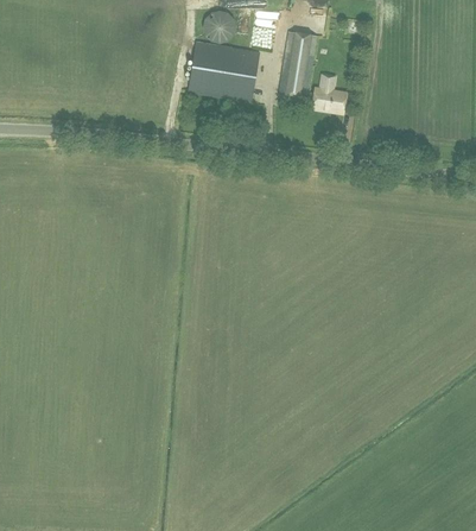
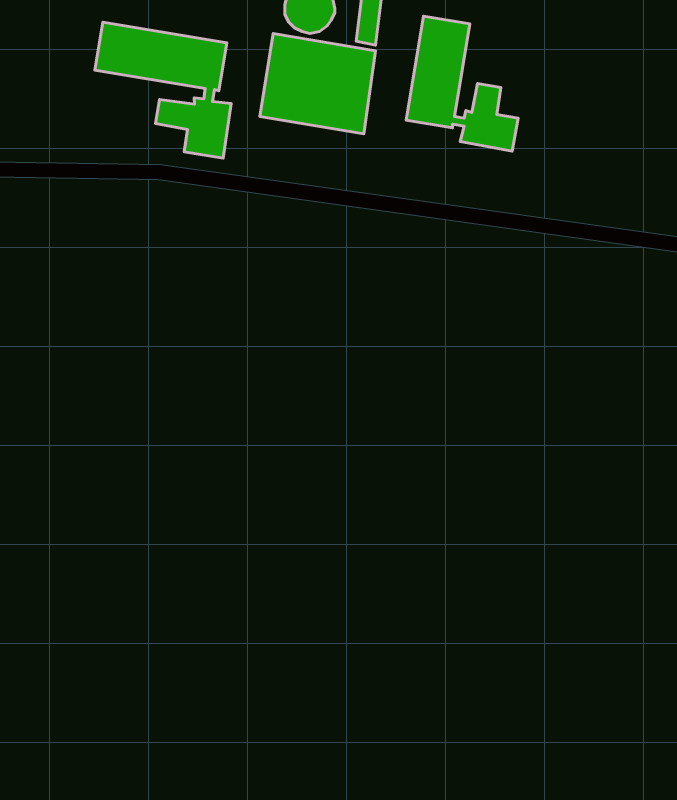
building: none -> [95,22,231,158]

